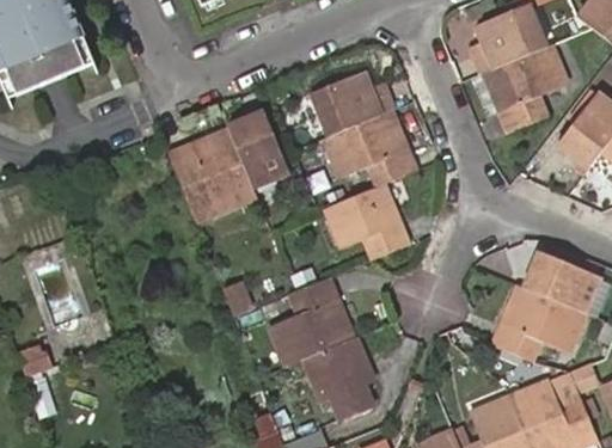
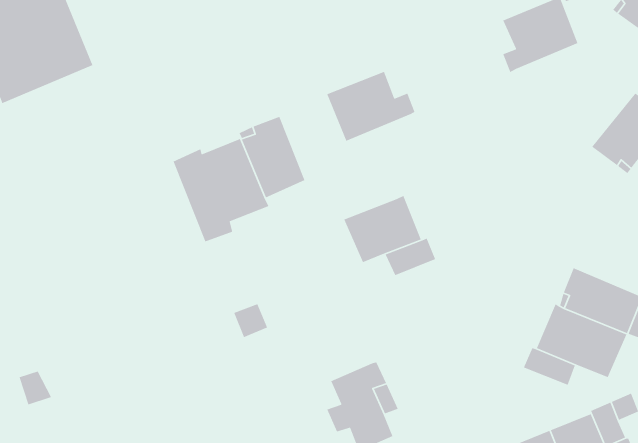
building: [483,41,563,129] -> none
building: [319,109,415,186] -> none
building: [268,275,349,364] -> none

